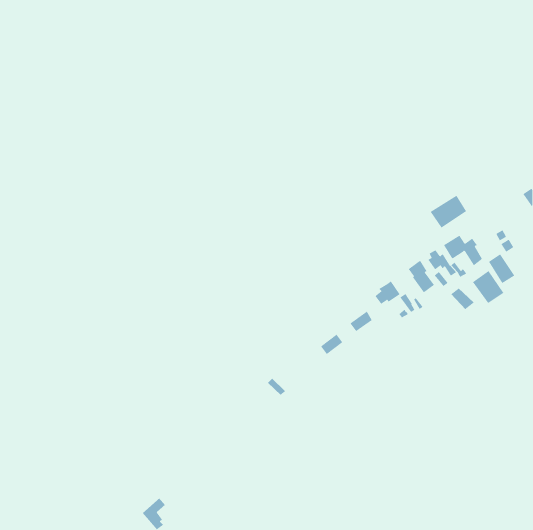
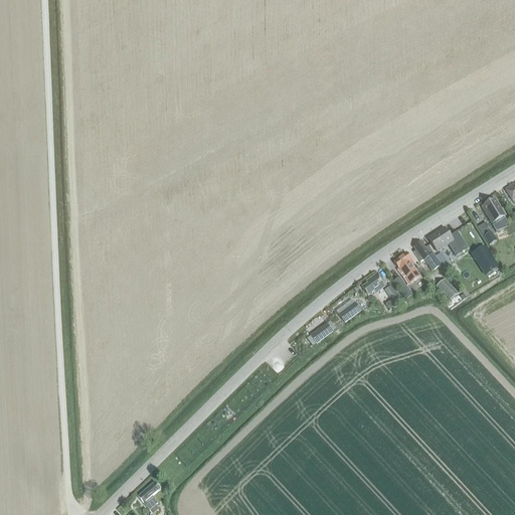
building: [430,195,467,229] -> none
building: none -> [482,198,510,230]
building: [472,270,504,304] -> none

